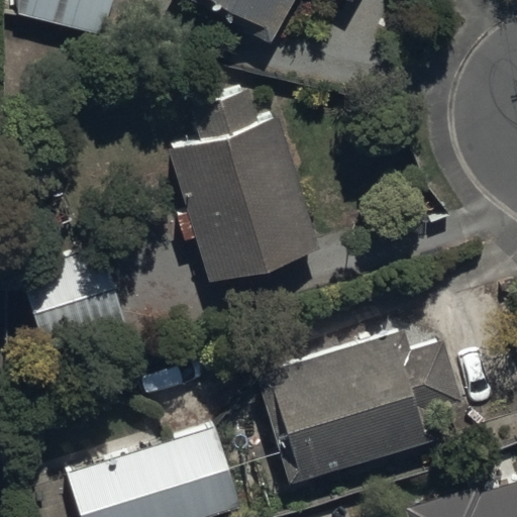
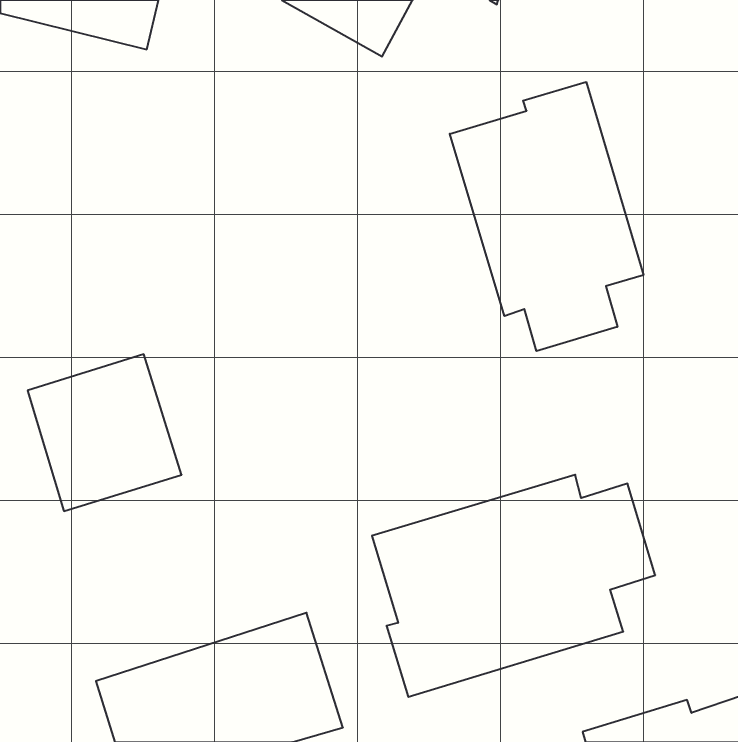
building: none -> [450,82,643,351]
building: [171,84,319,281] -> none

